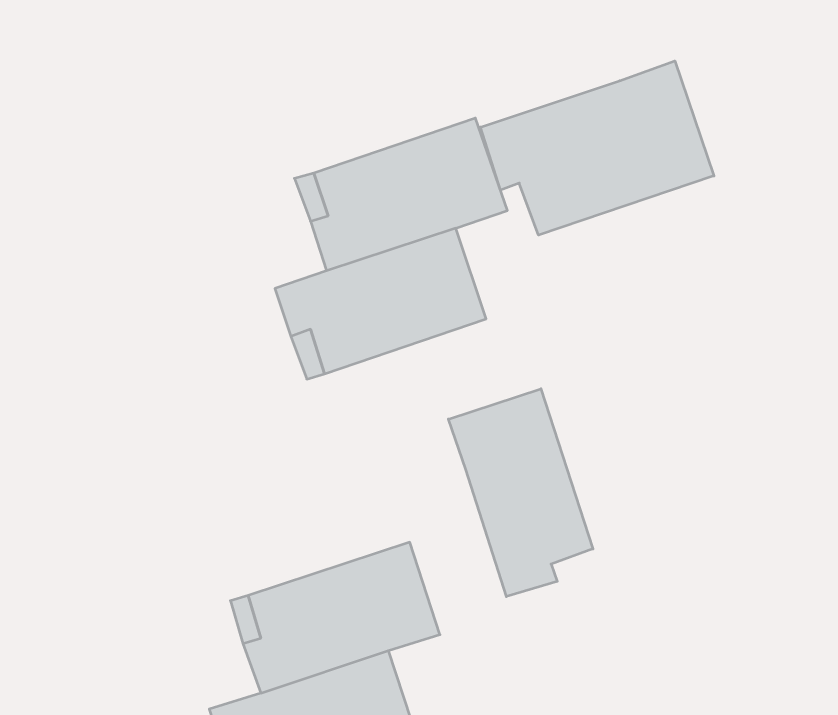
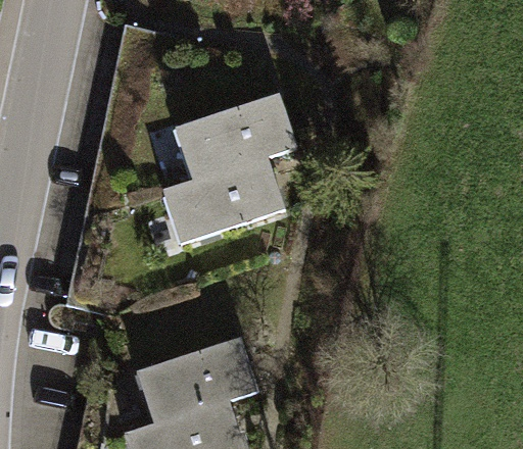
building: [481,61,714,235] -> none
building: [448,389,593,597] -> none

